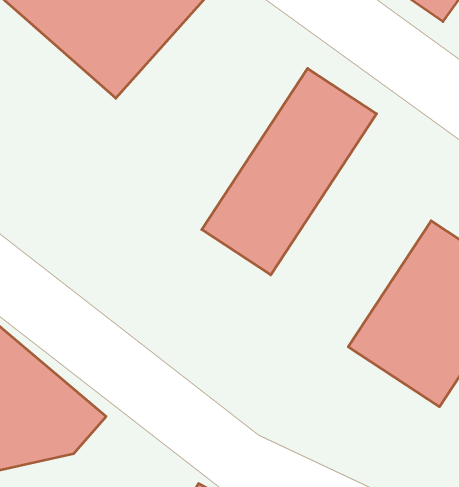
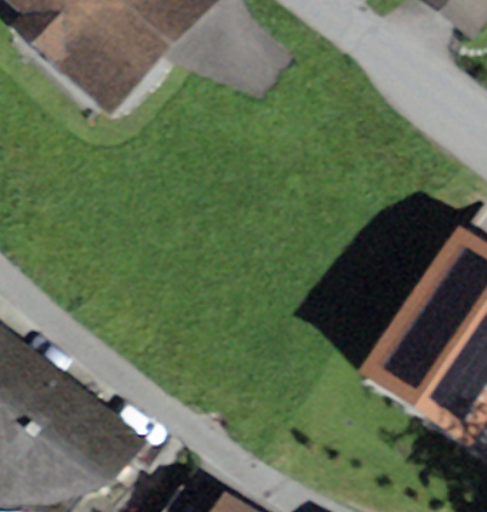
building: [202,68,377,275] -> none

